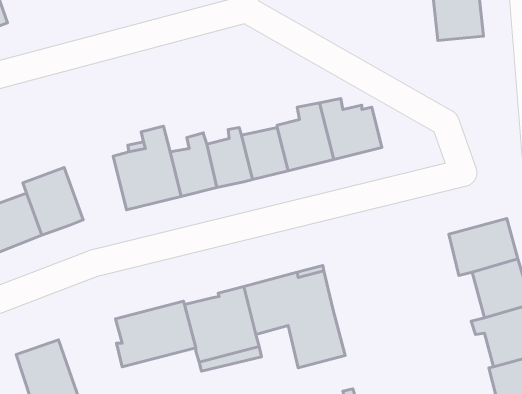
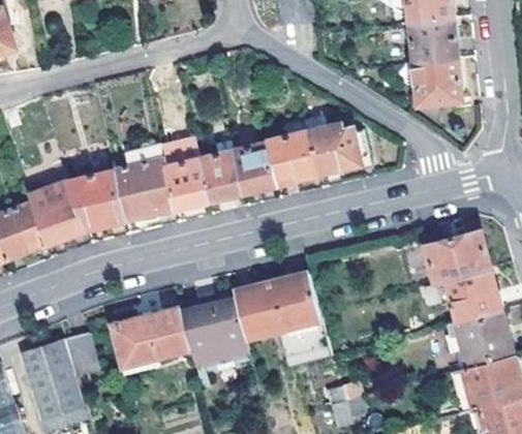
building: none -> [414,60,468,109]
building: none -> [68,172,126,230]
building: none -> [66,334,100,378]

